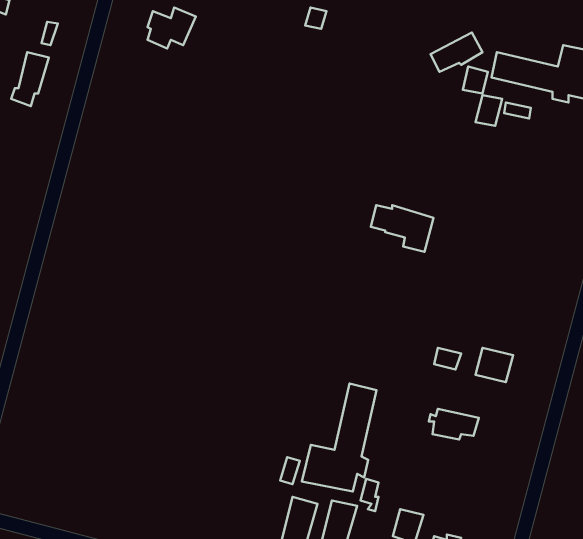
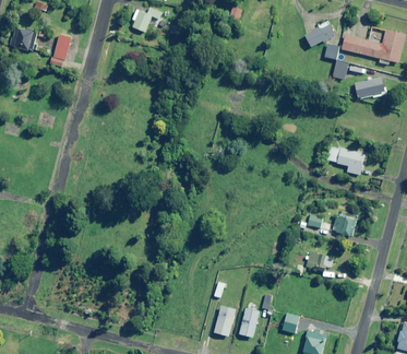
building: none -> [354,76,385,98]
building: [371,205,434,252] -> [326,146,364,175]
building: [302,384,377,491] -> none

